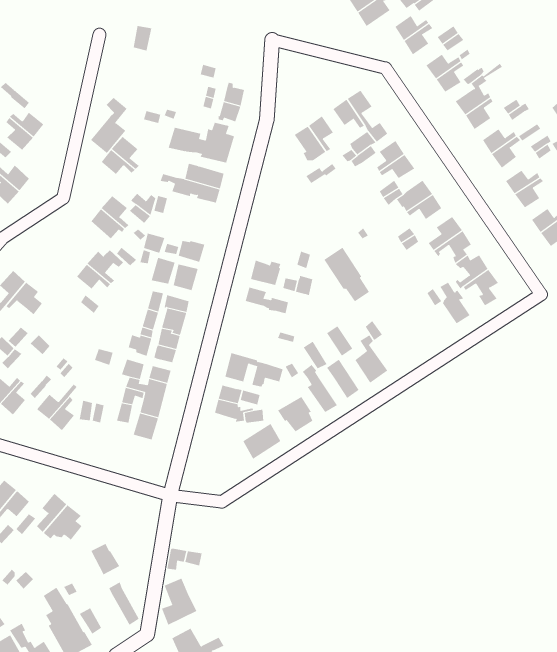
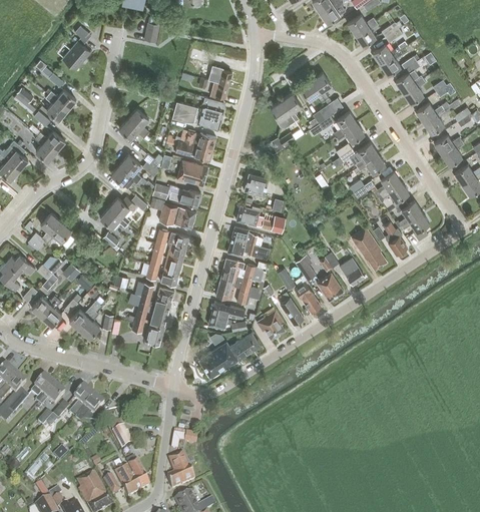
building: [90,97,128,154] -> [62,25,91,69]
building: none -> [176,159,207,185]
building: none -> [244,173,268,195]
building: [323,247,370,302] -> [351,226,387,270]
building: none -> [227,236,265,258]
building: none -> [339,257,365,285]
building: none -> [220,258,264,286]
building: none -> [198,342,237,378]
building: none -> [114,465,141,496]

